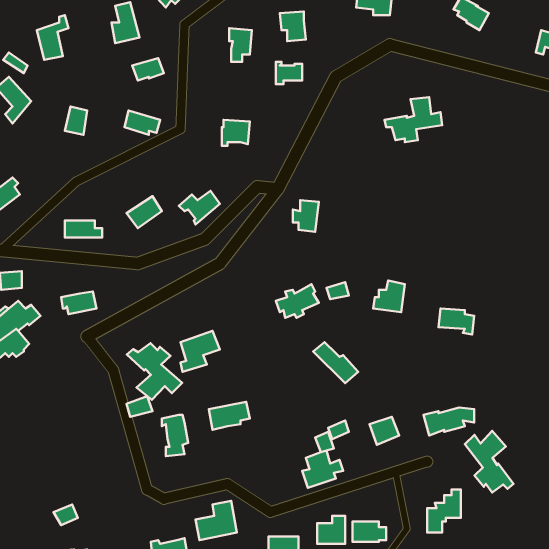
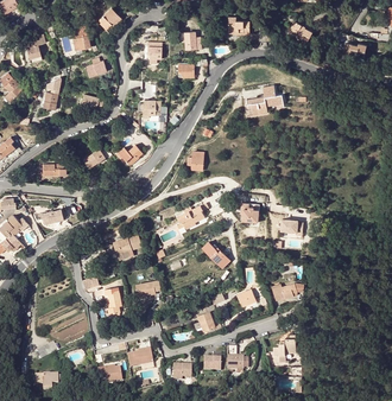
building: [127,343,182,400] -> none
building: [465,431,513,493] -> none

